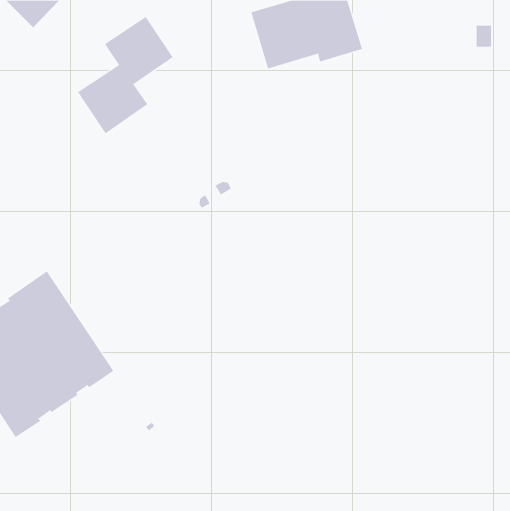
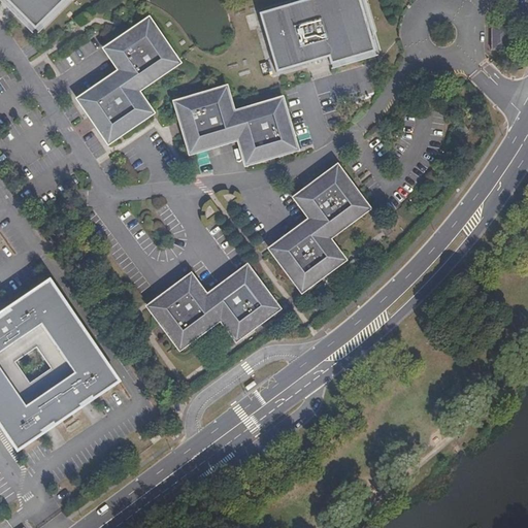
building: none -> [176,86,297,161]
building: none -> [271,163,369,286]
building: none -> [148,264,276,344]

